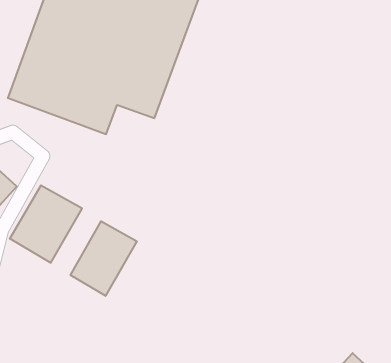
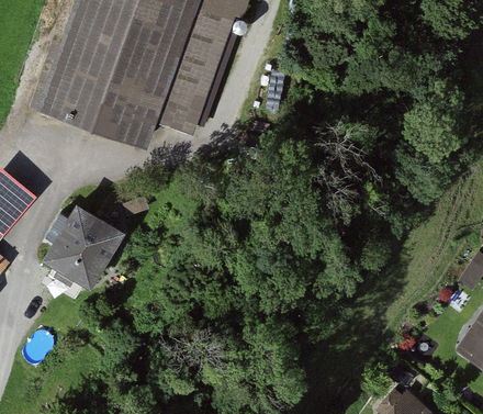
building: [71,221,137,296] -> none

